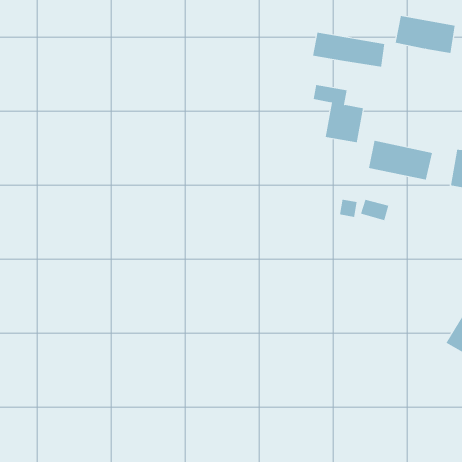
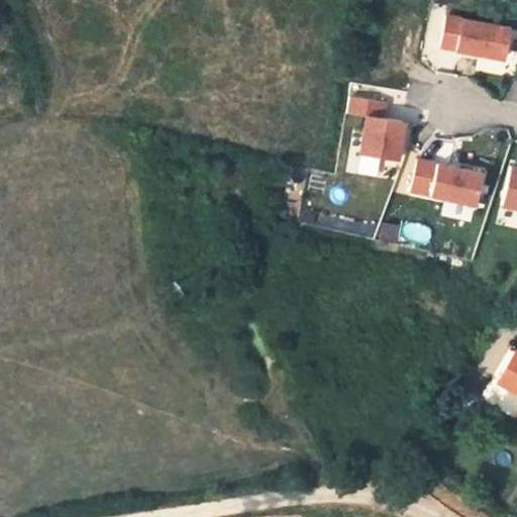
building: [312,32,385,67] -> none

